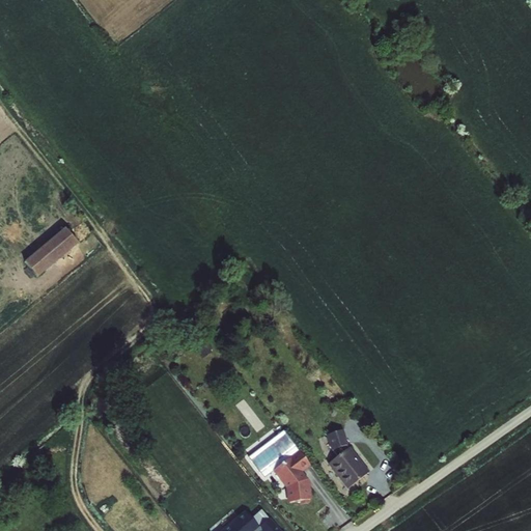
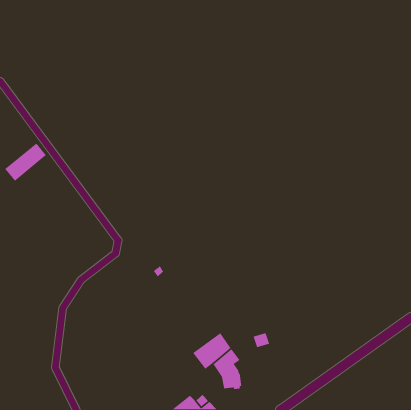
building: [23,226,78,277] -> [4,142,47,182]
building: [328,446,369,488] -> none

